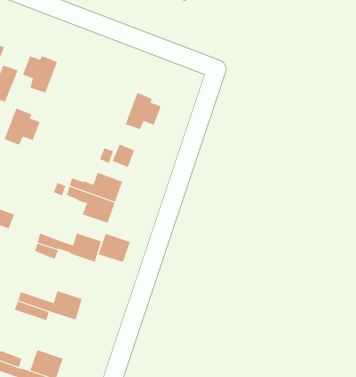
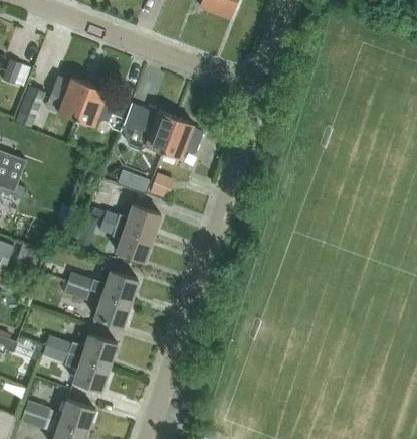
building: none -> [122,105,176,152]
building: [4,108,41,146] -> [76,84,117,125]
building: [98,233,131,263] -> [94,294,131,326]
building: none -> [73,357,110,390]

